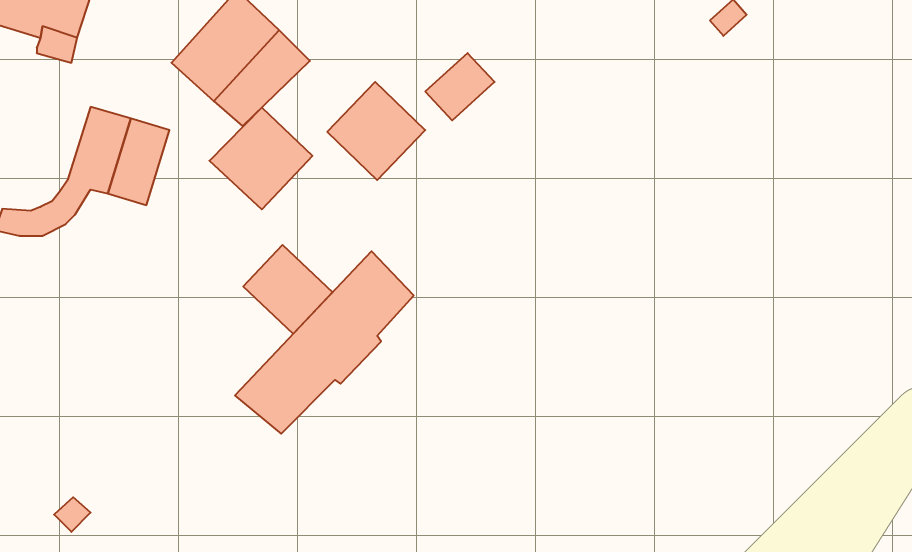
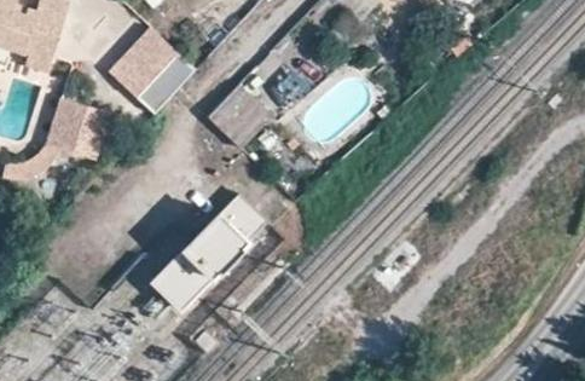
building: [209,107,312,209] -> none
building: [243,245,333,334] -> none

